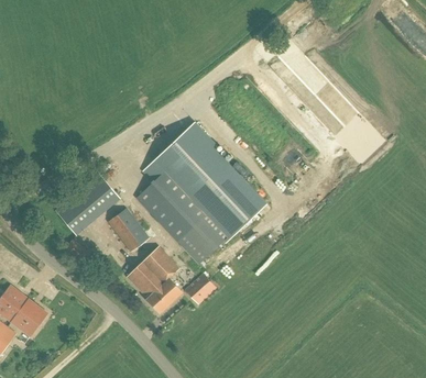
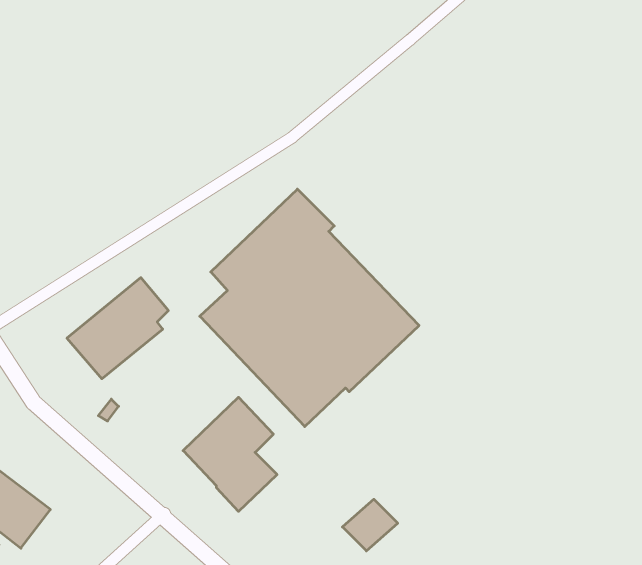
building: [108,207,150,252] -> none
building: [184,273,217,303] -> [342,499,398,551]

